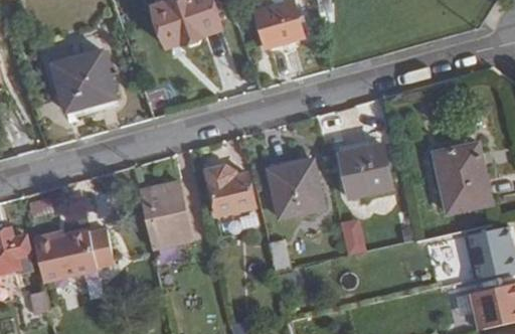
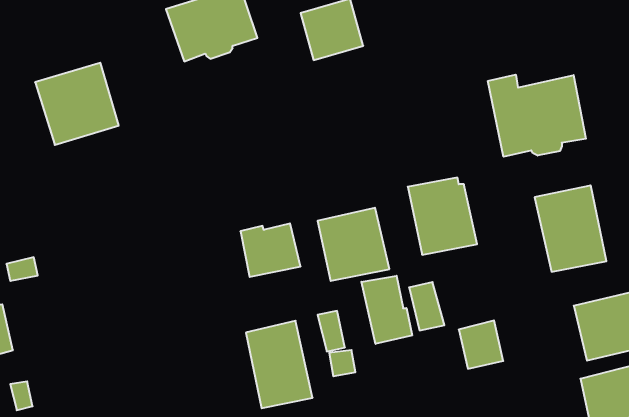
building: none -> [488,75,586,157]
building: [140,181,191,248] -> [246,321,313,408]
building: none -> [361,276,412,344]
building: [32,225,124,281] -> none
building: [437,238,471,276] -> [459,320,503,369]

